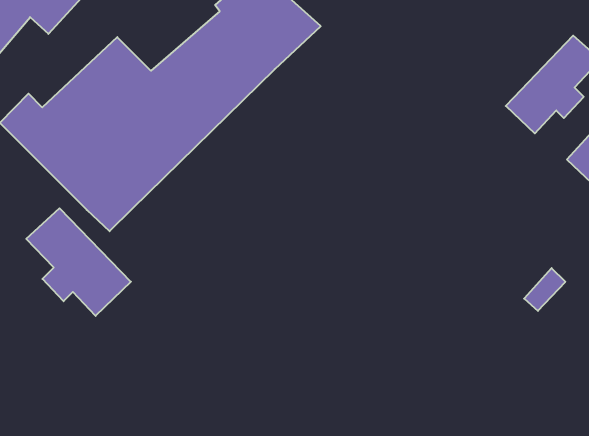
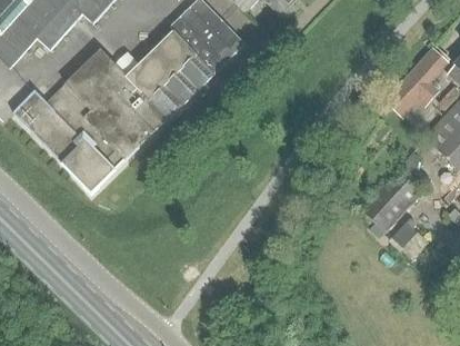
building: none -> [362,171,423,233]
building: [26,208,131,316] -> none

